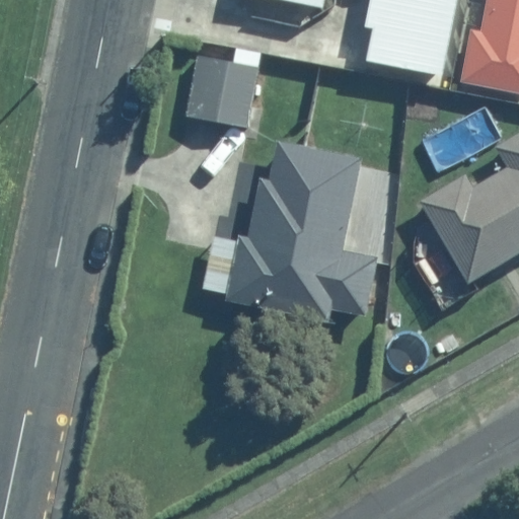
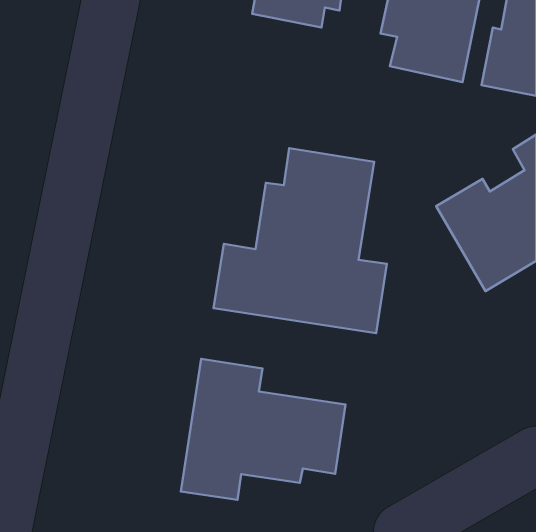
building: [191,53,257,127] -> none
building: none -> [181,359,345,500]

